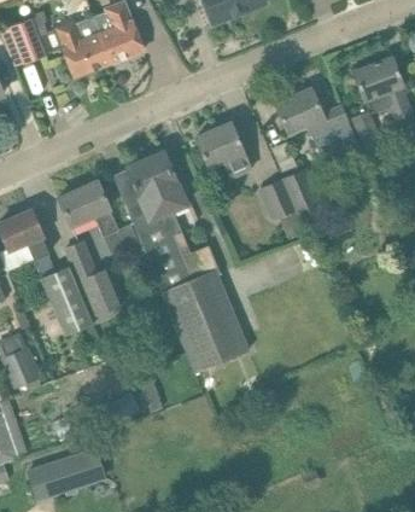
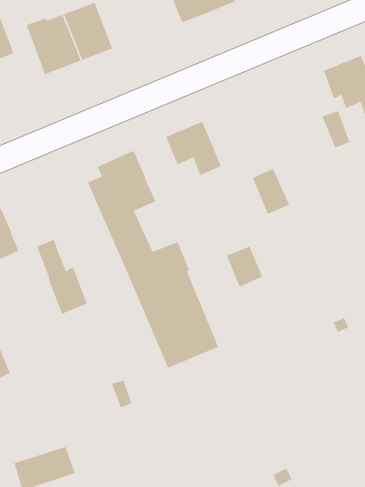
building: [276,87,361,164] -> none
building: [258,179,296,221] -> [226,246,263,288]
building: [58,180,139,251] -> none
building: [42,264,94,333] -> none

